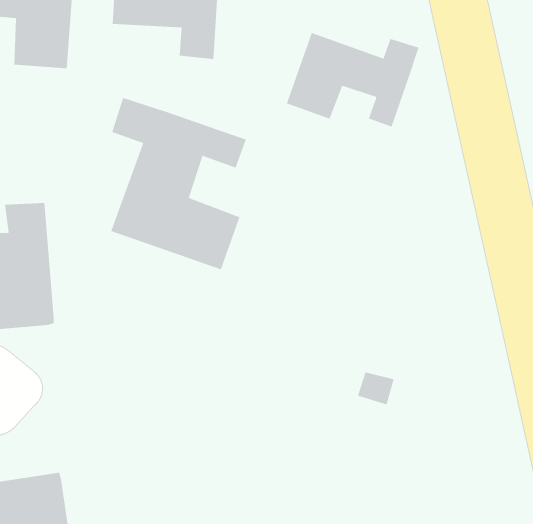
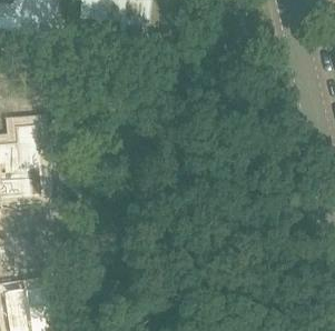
building: [286,32,419,127] -> none
building: [110,97,246,270] -> none

